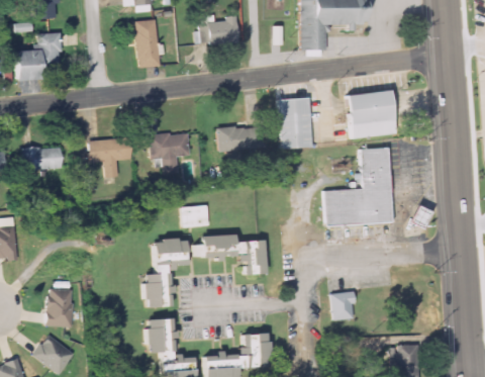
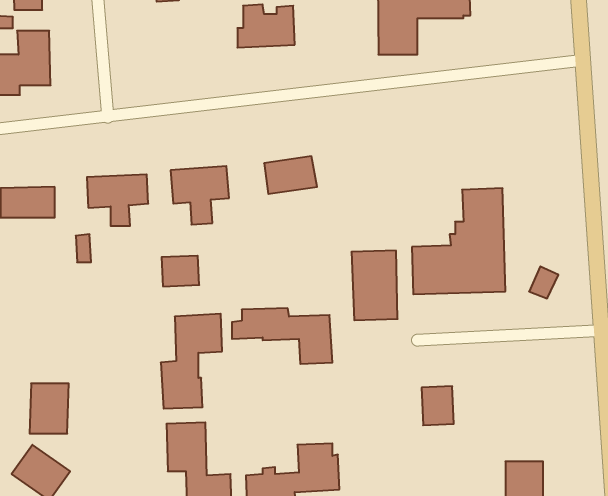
building: [137,20,161,67] -> none
building: [347,91,396,139] -> none
building: [278,98,311,149] -> [351,251,398,320]
building: [183,205,210,227] -> [162,256,199,286]

